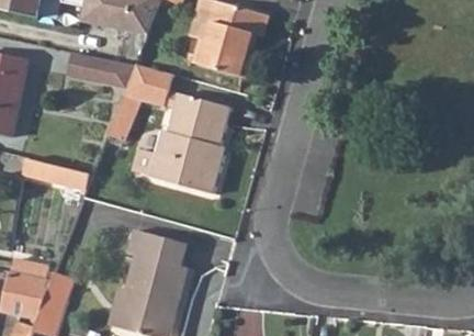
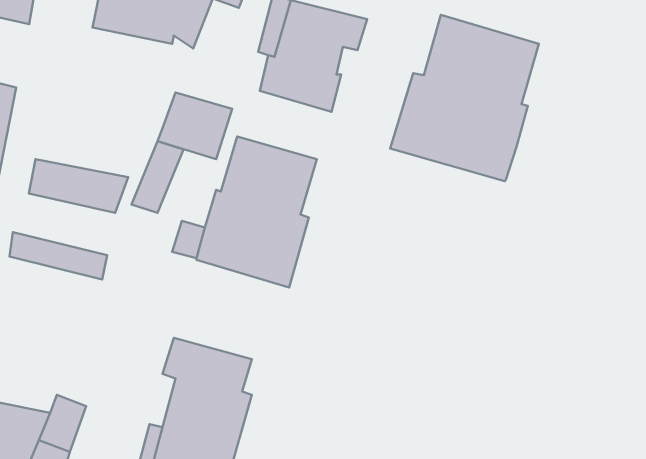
building: none -> [390,15,539,181]
building: [68,52,135,88] -> [29,159,128,213]

